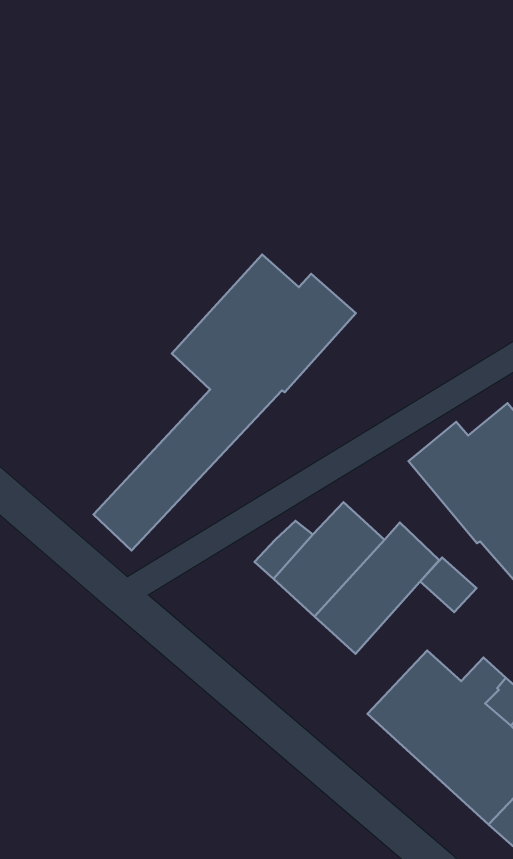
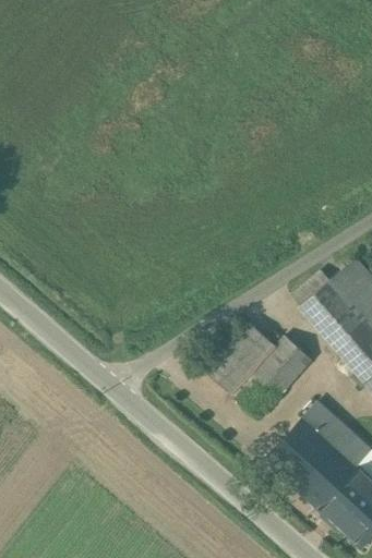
building: [93,255,356,550] -> none
building: [420,558,476,612] -> [305,402,341,437]

